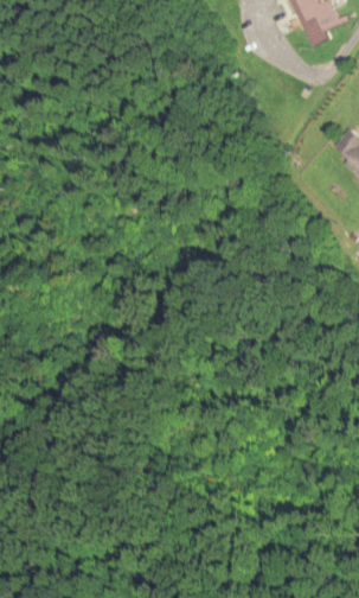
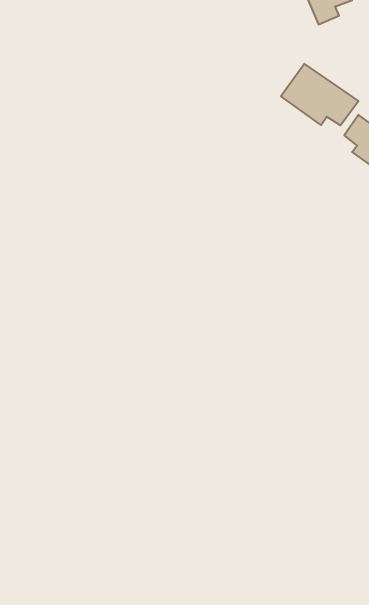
building: none -> [281,64,358,125]

